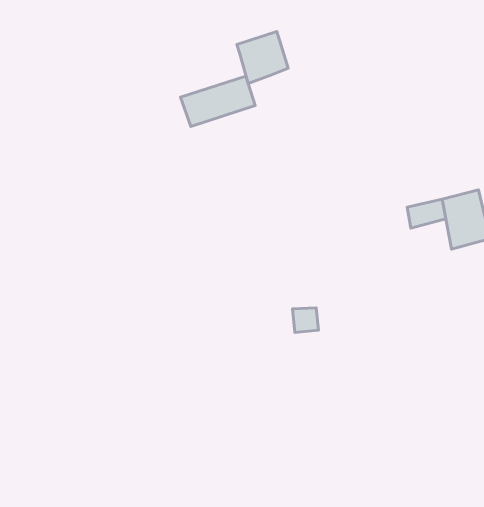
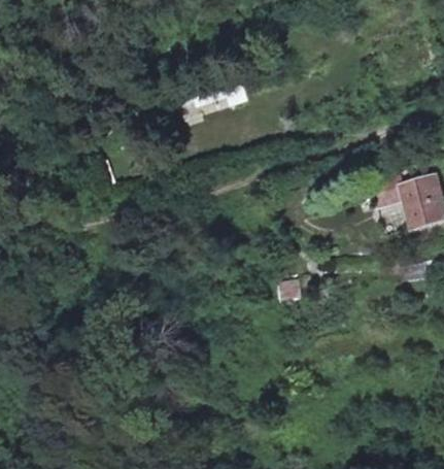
building: [237,32,288,84] -> none

